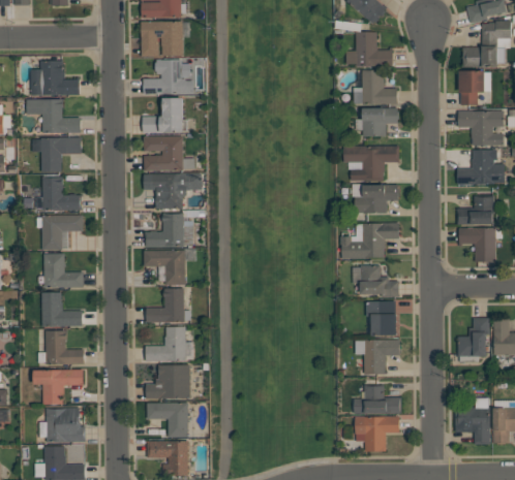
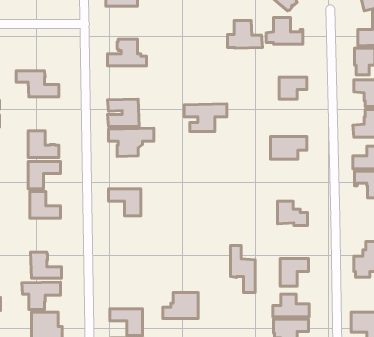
building: [141,22,182,57] -> none
building: [30,61,79,96] -> none
building: [353,70,397,105] -> [228,21,262,48]
building: [142,98,186,133] -> none
building: [32,138,81,172] -> none
building: [343,146,398,181] -> [184,104,227,131]
building: [145,213,183,247] -> none
building: [339,223,398,259] -> none
building: [146,289,184,322] -> none
building: [41,293,82,327] -> none
building: [365,301,396,337] -> none
building: none -> [230,246,255,292]
building: [145,327,185,361] -> none
building: [145,365,190,398] -> [163,293,198,319]

